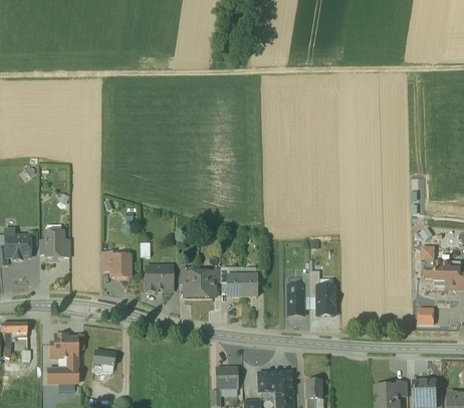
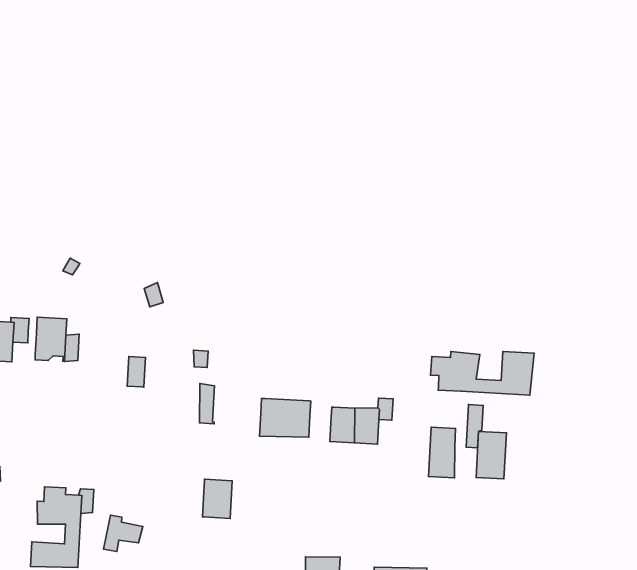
building: none -> [431,352,534,395]
building: [110,254,130,277] -> none
building: [155,265,172,288] -> [202,479,232,518]

